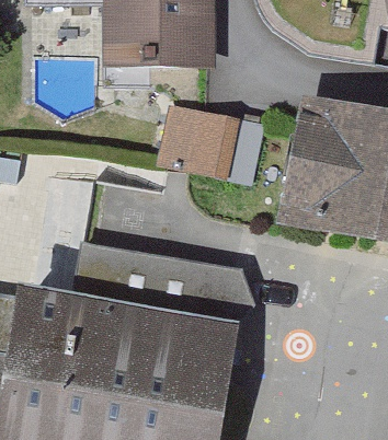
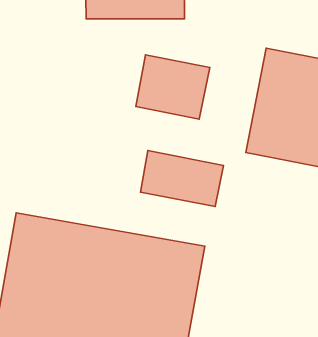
building: none -> [140,150,224,207]

